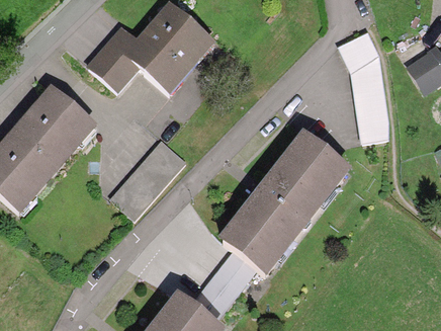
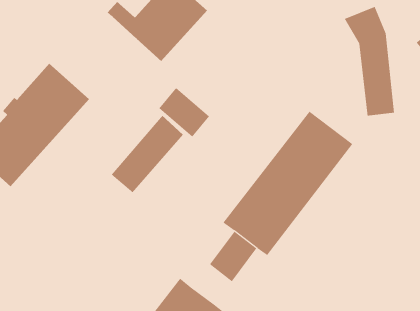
building: [91,44,137,89] -> none
building: none -> [158,87,210,138]
building: [190,283,230,322] -> none

